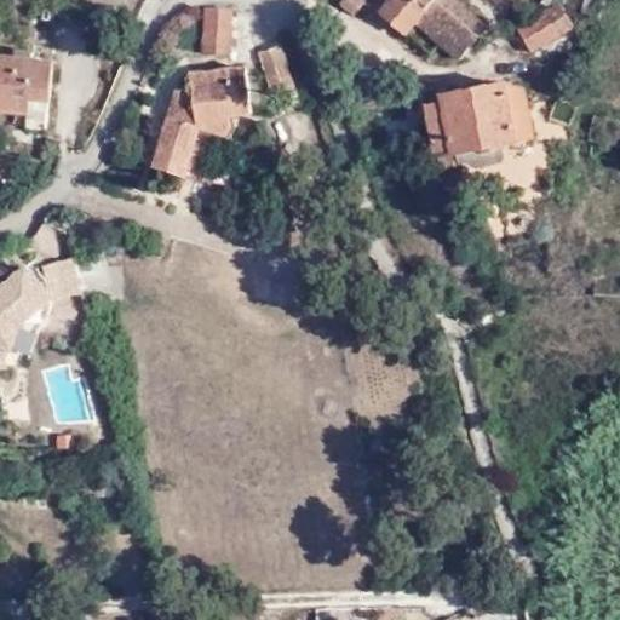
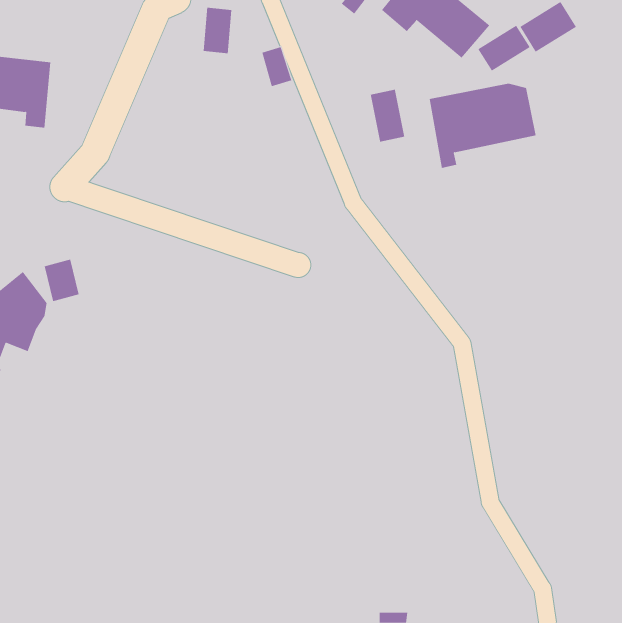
building: none -> [477,25,531,72]
building: [151,65,249,176] -> none
building: none -> [370,89,405,142]

